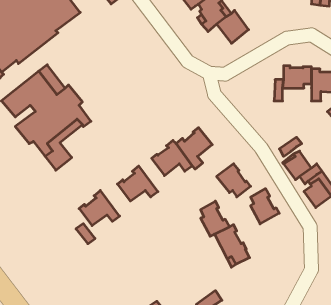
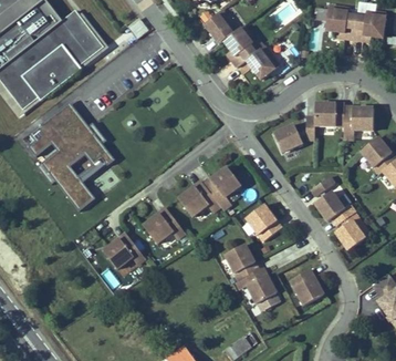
building: none -> [273,124,303,152]
building: [251,189,279,224] -> [294,268,324,305]

